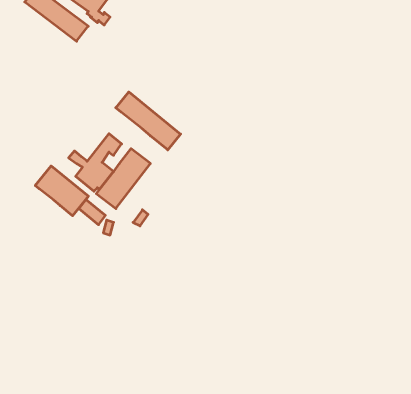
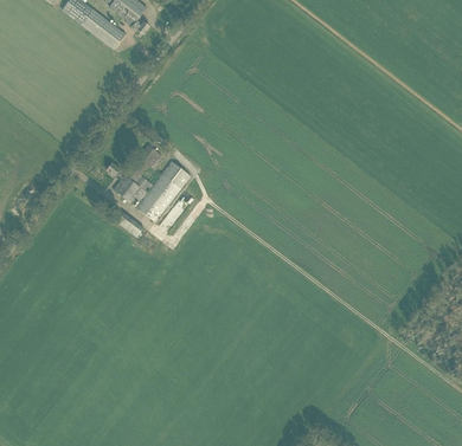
building: [116,92,181,150] -> none
building: [35,166,88,216] -> none

